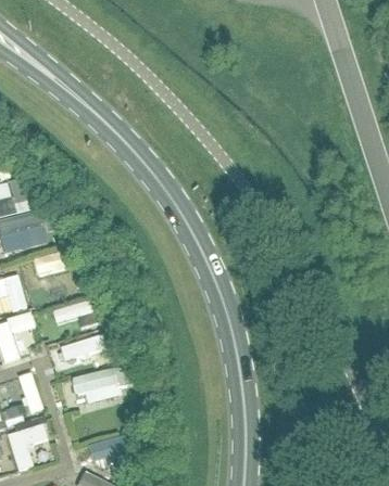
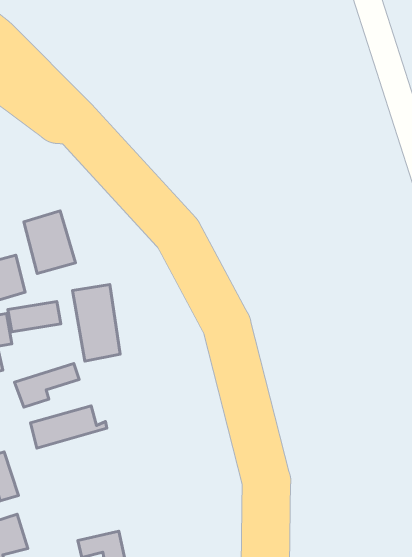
building: none -> [24,211,75,274]
building: none -> [73,285,120,361]
building: [70,362,129,406] -> none

